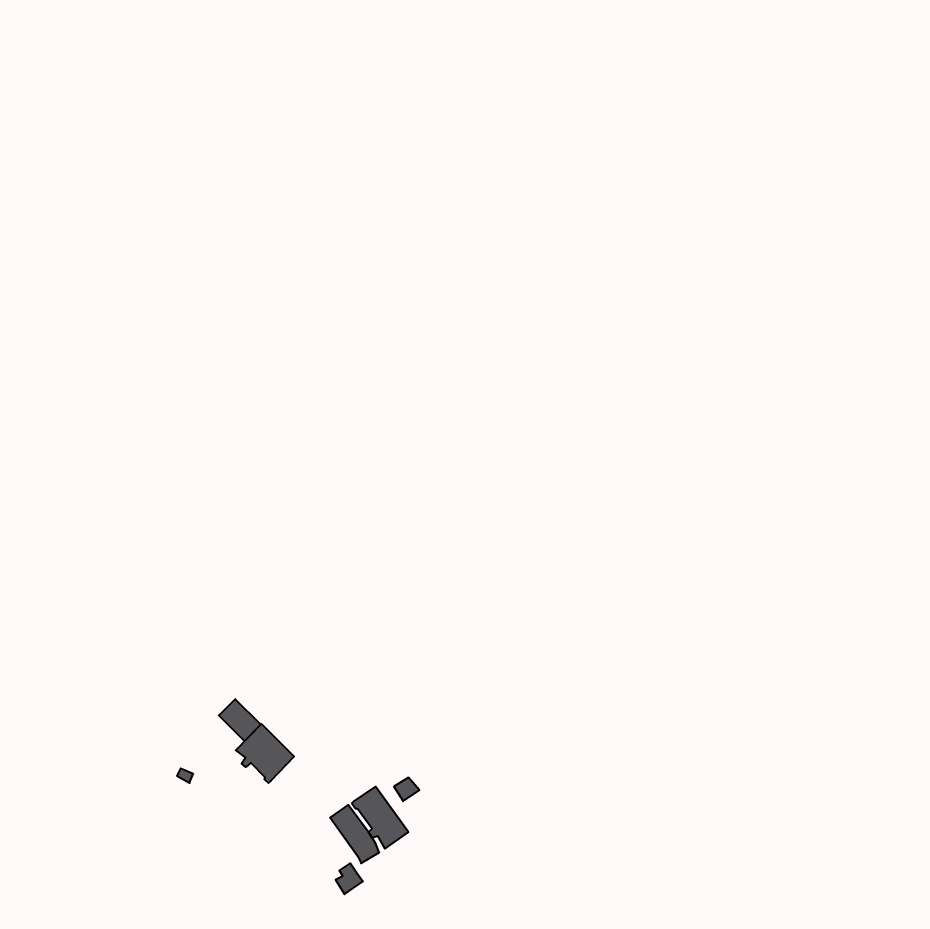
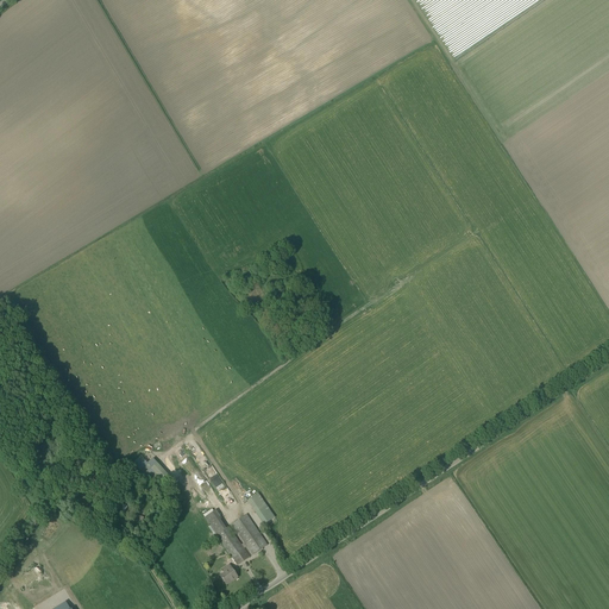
building: [236,724,294,783] -> none

